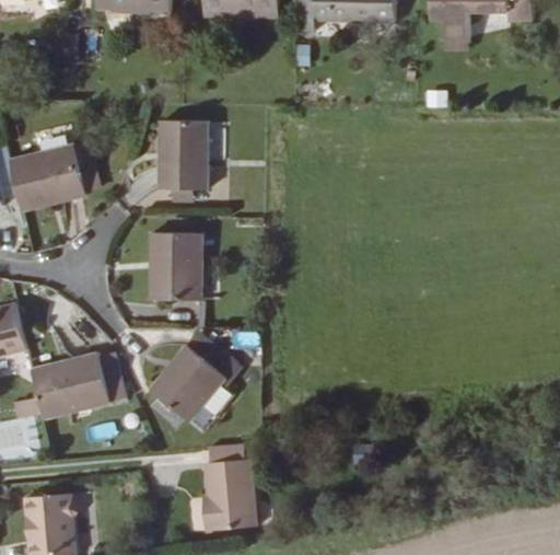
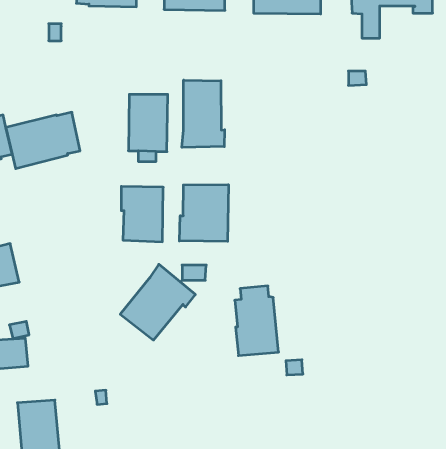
building: none -> [182,80,225,147]
building: none -> [179,185,228,241]
building: [31,352,126,418] -> none
building: [202,444,256,530] -> [235,286,279,356]

